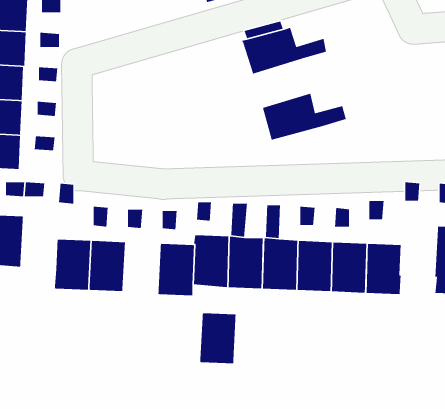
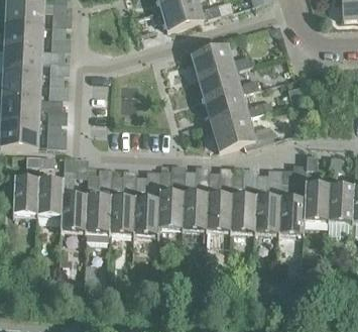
building: none -> [199,68,259,102]
building: none -> [212,115,274,149]
building: none -> [37,177,65,215]
building: none -> [304,182,330,221]
building: [199,311,237,367] -> [109,195,135,234]

